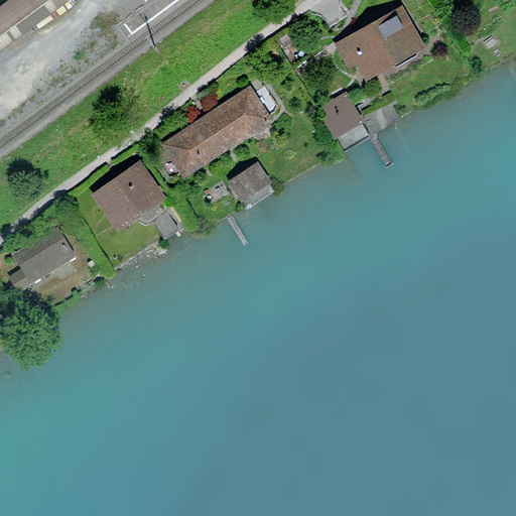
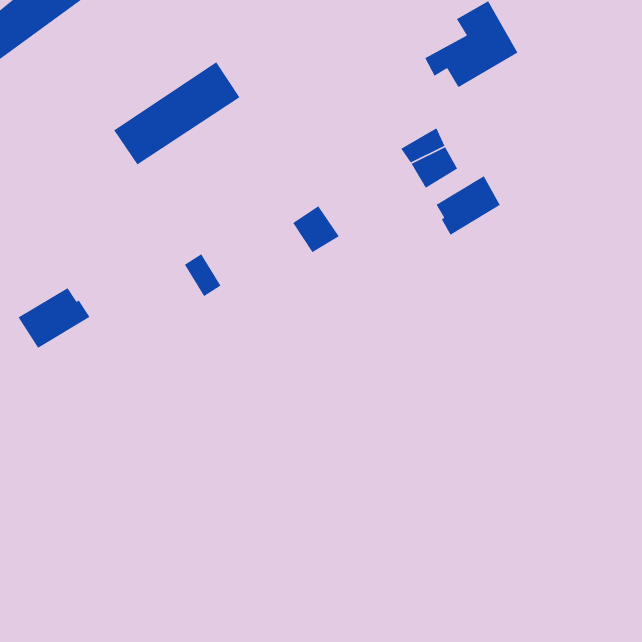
building: [164,89,266,172] -> [113,61,240,166]
building: none -> [436,175,501,236]
building: [101,169,152,218] -> none

